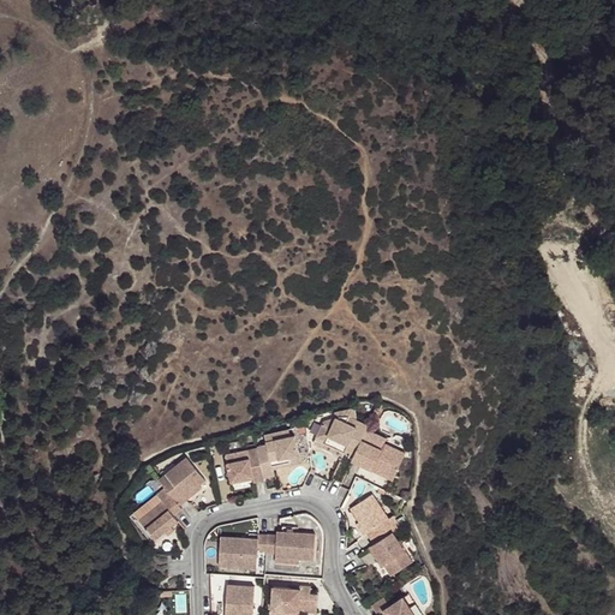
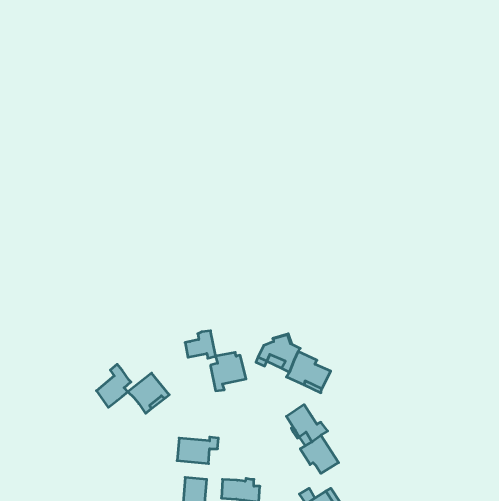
building: [226,449,263,483] -> [185,331,216,358]
building: [138,488,180,541] -> [96,364,131,407]
building: [265,533,314,562] -> none

